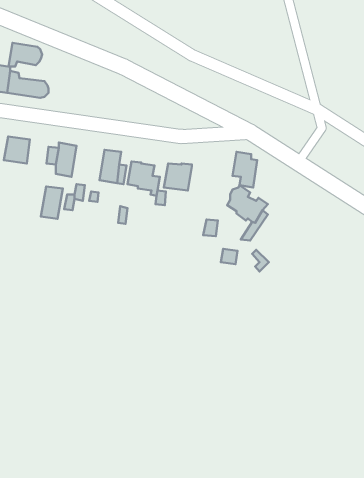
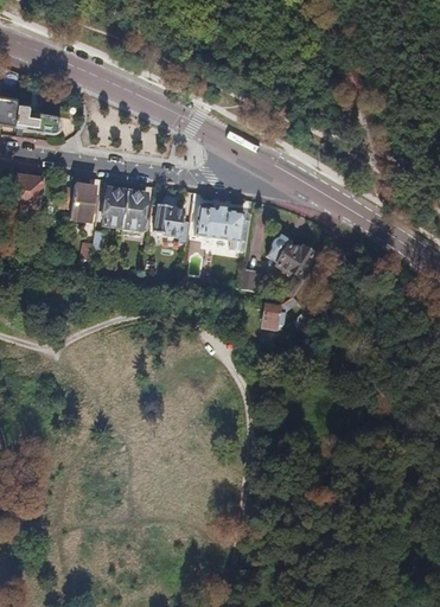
building: [9,43,42,67] -> none
building: [232,152,257,187] -> [222,211,250,251]
building: [41,186,63,219] -> [102,190,127,226]

